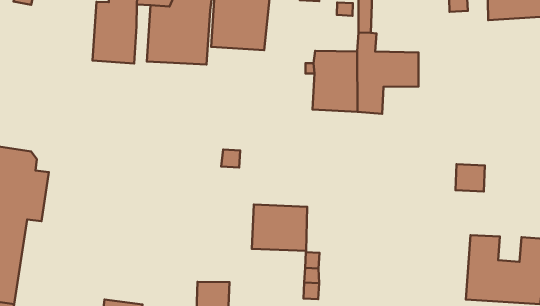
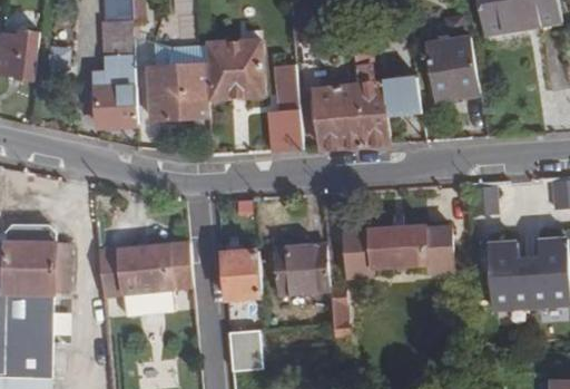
building: none -> [425,39,480,103]
building: none -> [268,64,303,152]
building: none -> [99,241,193,313]
building: none -> [224,243,263,298]
building: none -> [344,224,454,276]

